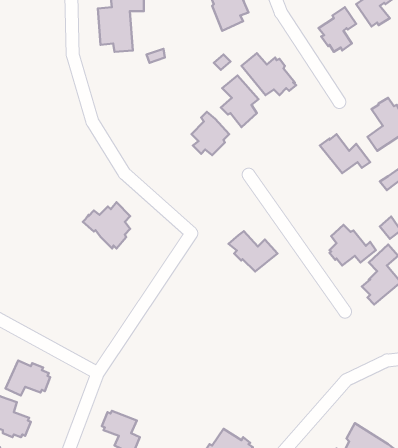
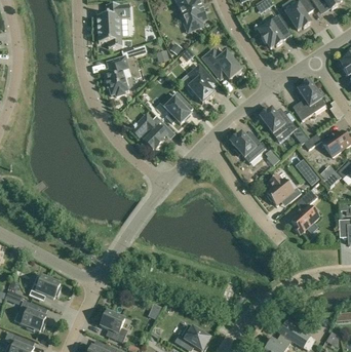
building: none -> [103,55,128,95]
building: [83,202,130,248] -> [130,115,165,149]
building: [229,231,277,272] -> [229,132,265,162]

